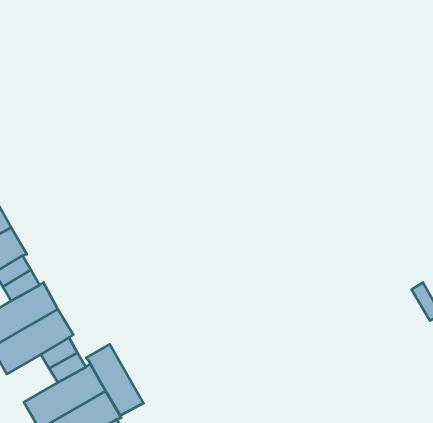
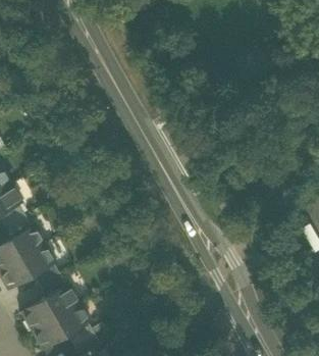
building: [86,344,144,415] -> none

